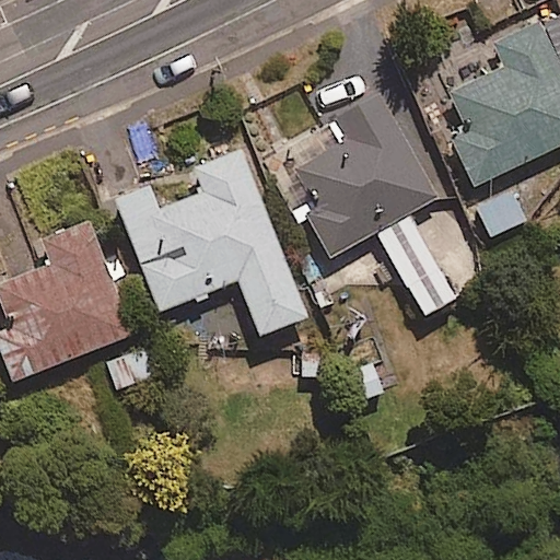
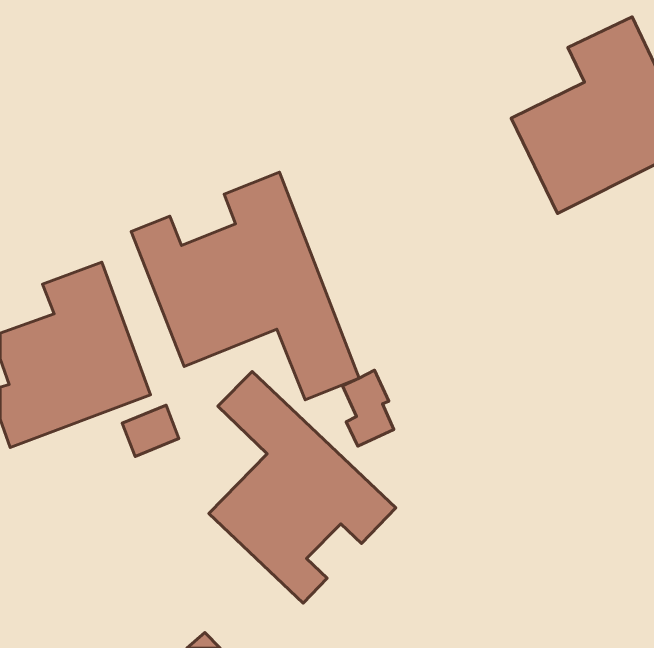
building: [273,90,501,315] -> none
building: none -> [209,371,396,603]

